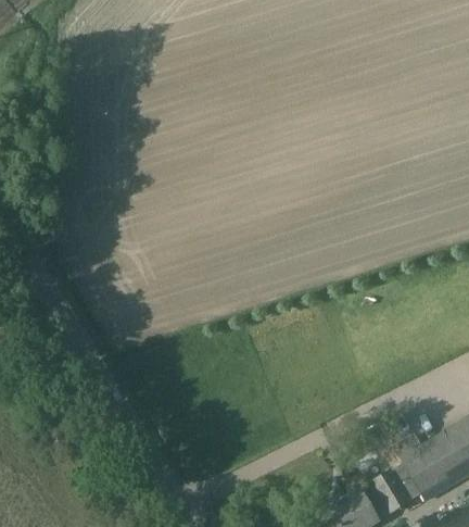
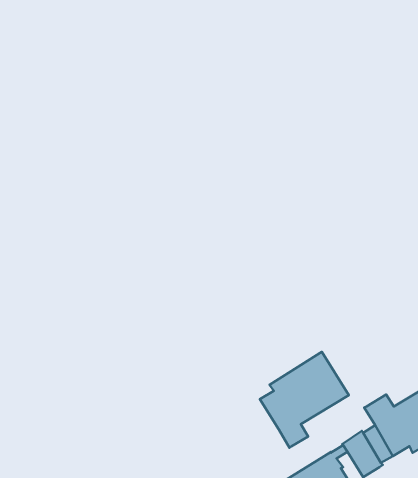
building: none -> [260,352,349,448]

